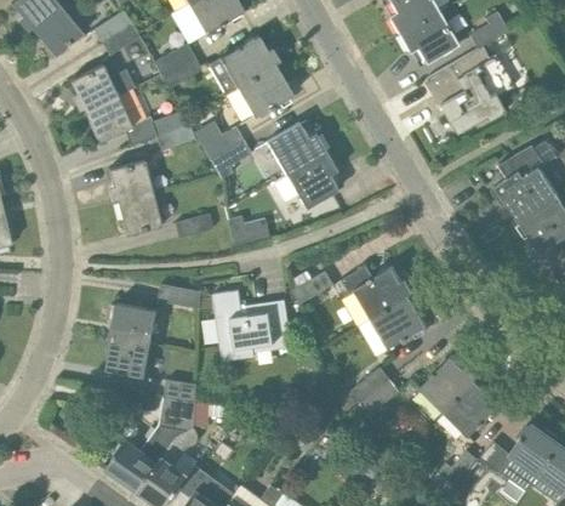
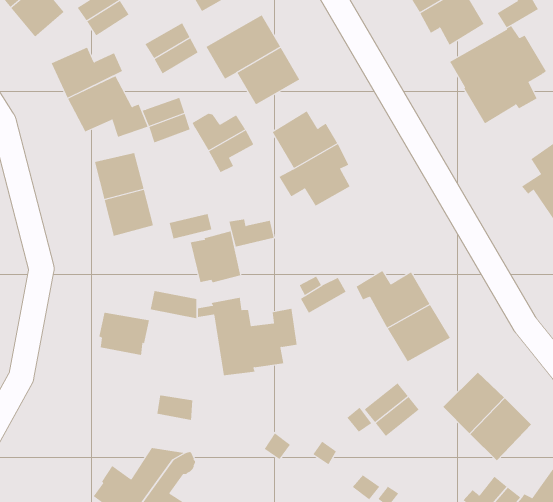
building: none -> [190,231,241,283]
building: [105,335,150,377] -> none
building: [159,394,196,430] -> none

